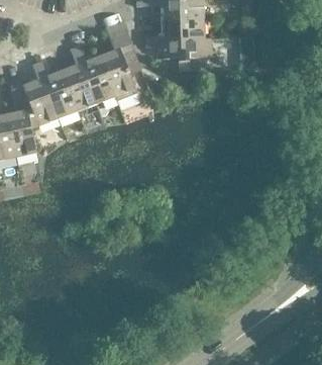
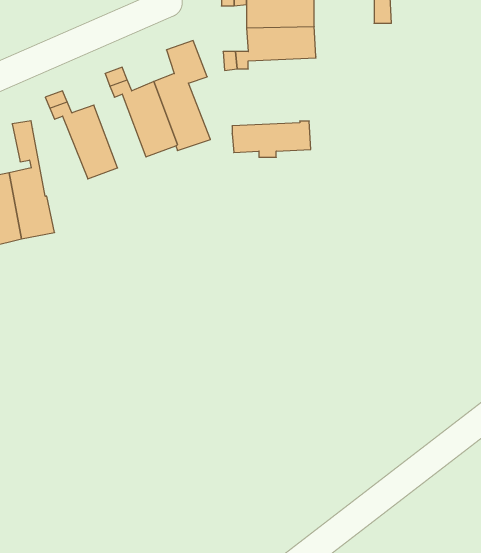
building: [160,38,211,62] -> [232,121,311,157]
building: [62,63,95,110] -> none
building: [22,77,58,128] -> none

